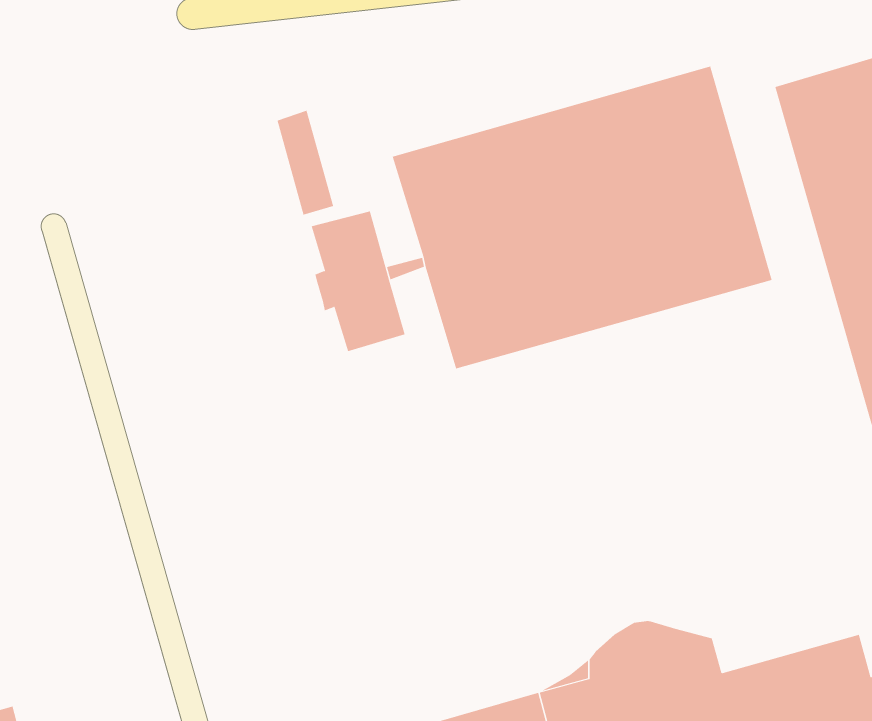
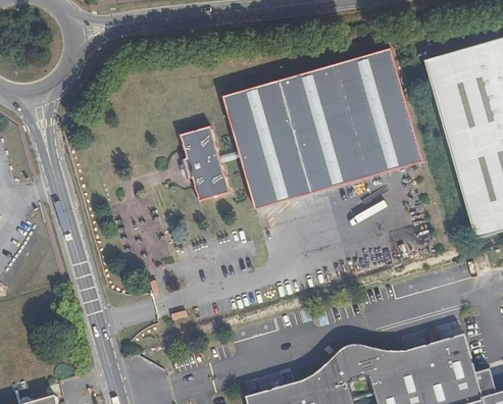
building: [277,110,334,216] -> none
building: none -> [392,334,469,370]

